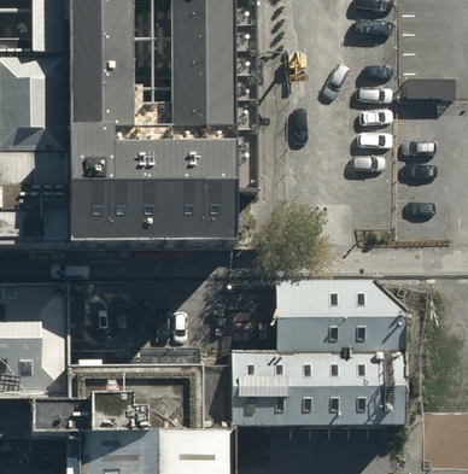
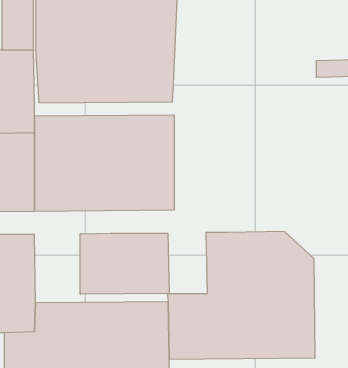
building: none -> [80,233,169,294]

